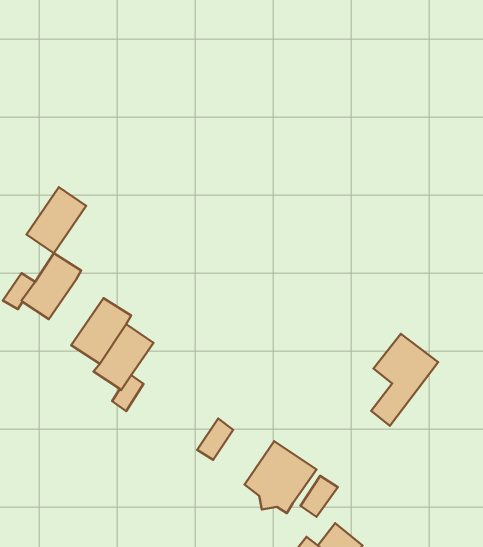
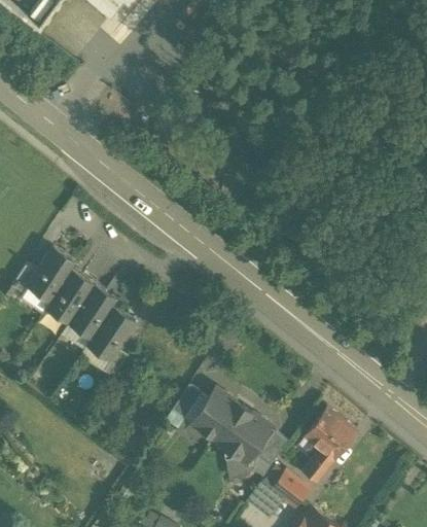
building: [26,187,86,253] -> [46,269,96,323]
building: [371,334,438,426] -> [303,407,358,483]
building: none -> [192,388,237,437]
building: none -> [226,454,272,479]

